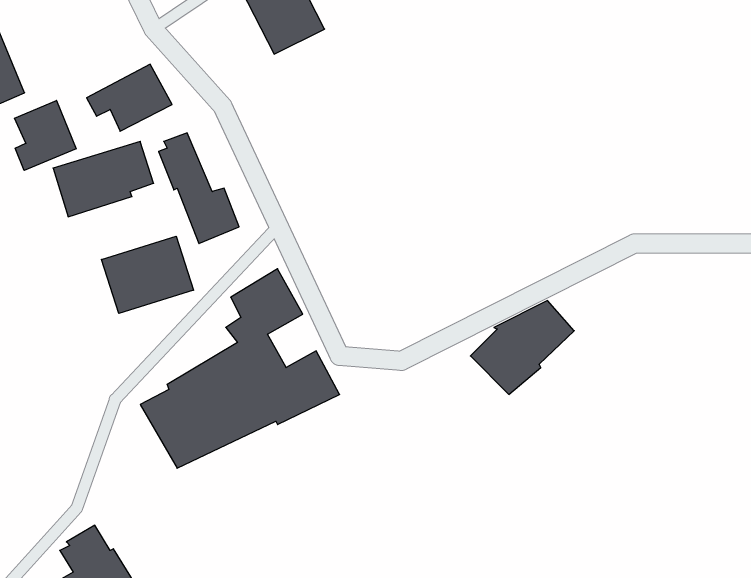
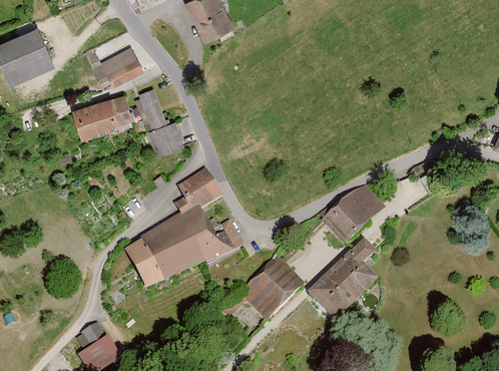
building: [15,100,76,170] -> none
building: [101,236,194,313] -> none
building: none -> [308,240,377,321]
building: none -> [237,256,304,321]

